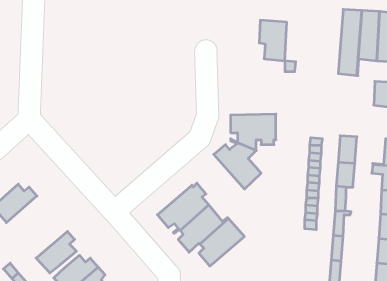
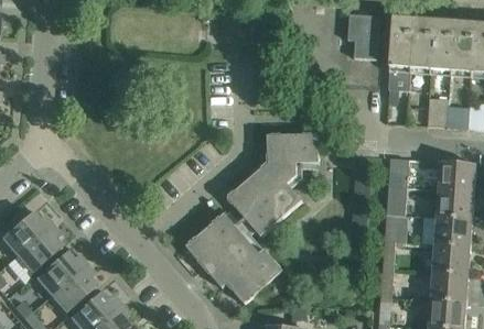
building: [259,20,287,61] -> [347,13,378,58]
building: none -> [232,178,282,235]
building: none -> [17,224,60,271]
building: none -> [35,246,85,294]

